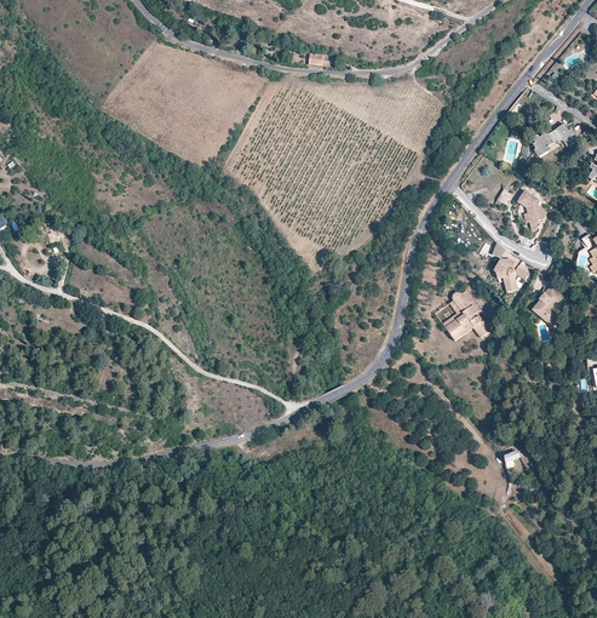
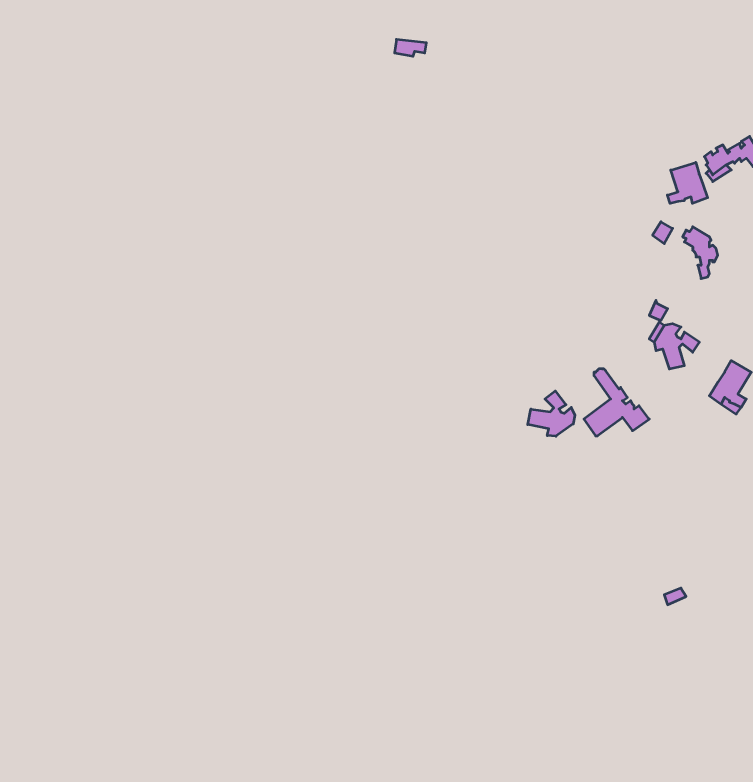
building: none -> [667,162,708,203]
building: none -> [528,391,575,436]

